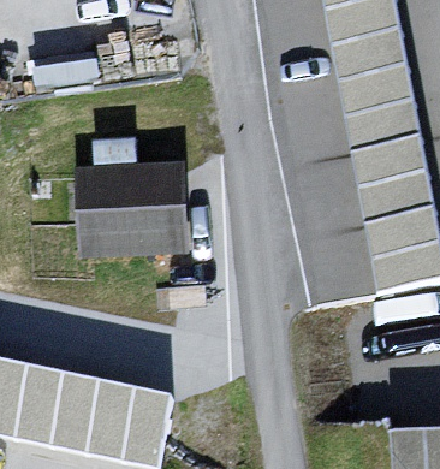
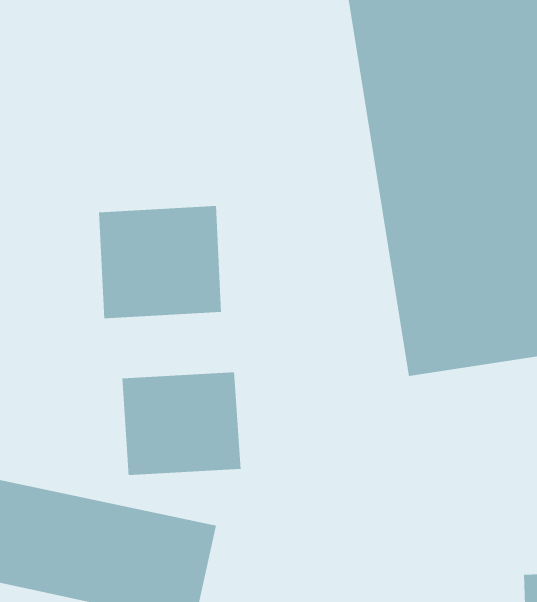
building: none -> [122,371,241,476]

